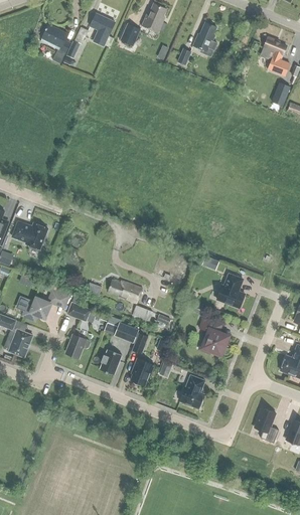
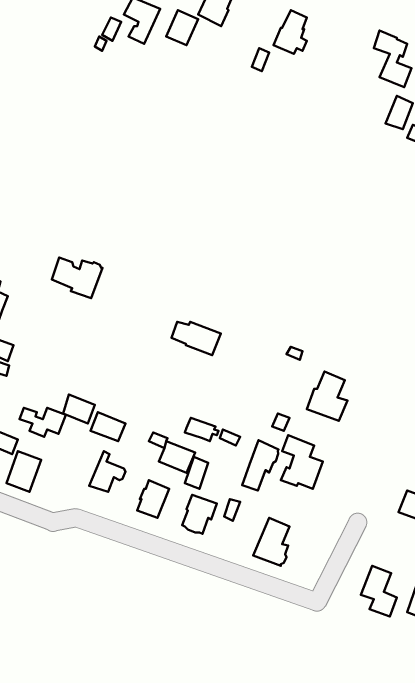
building: [40,24,69,62] -> none
building: [12,220,47,248] -> [52,258,103,298]
building: [108,280,142,303] -> [171,322,221,355]
building: none -> [242,440,279,491]

